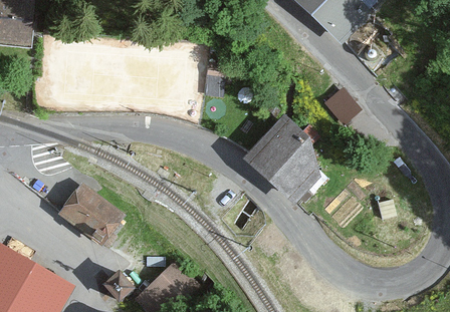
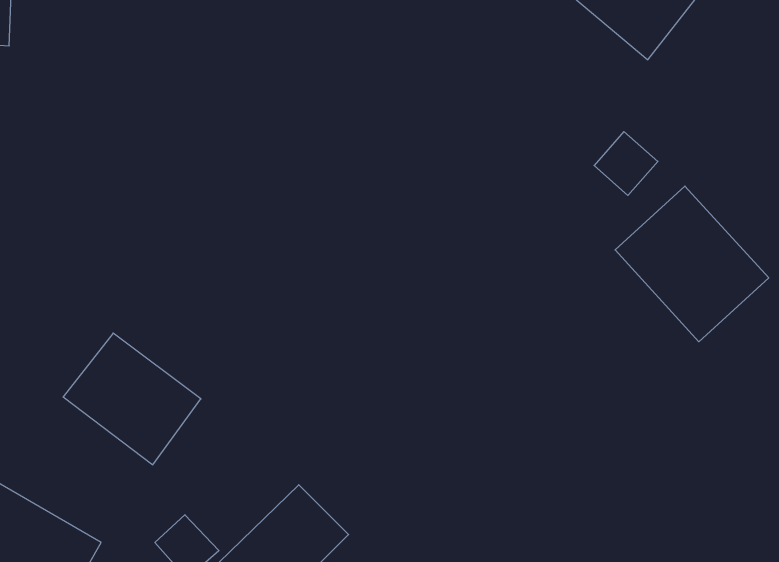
building: [245,115,322,194] -> [615,186,769,342]

